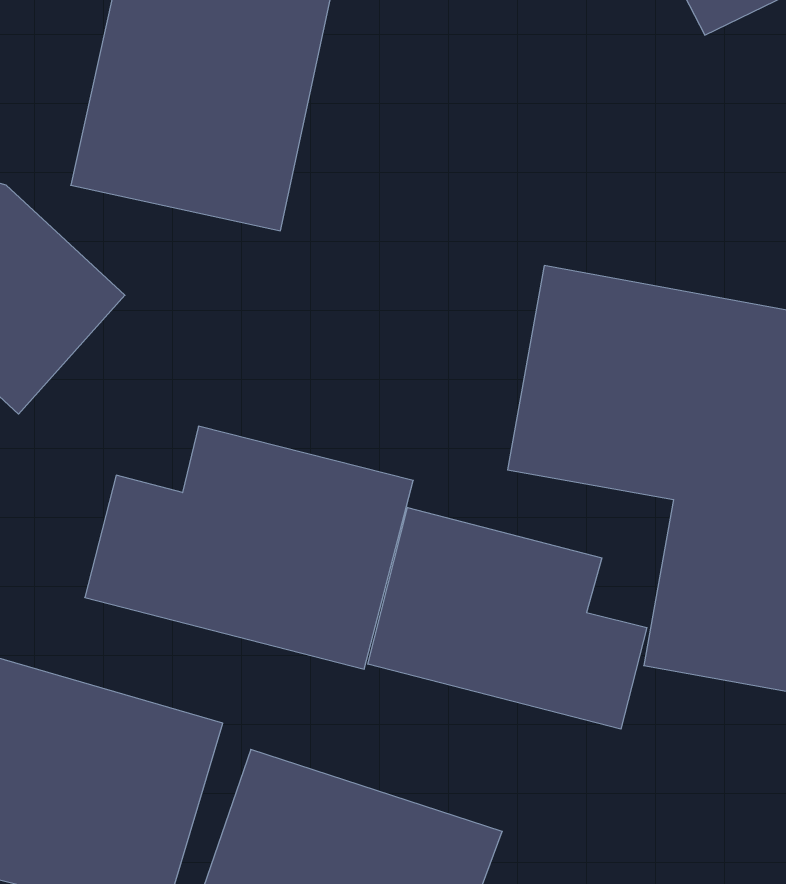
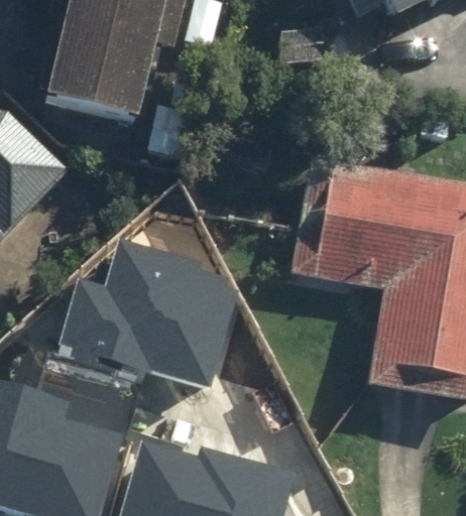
building: [368,507,647,729] -> none

